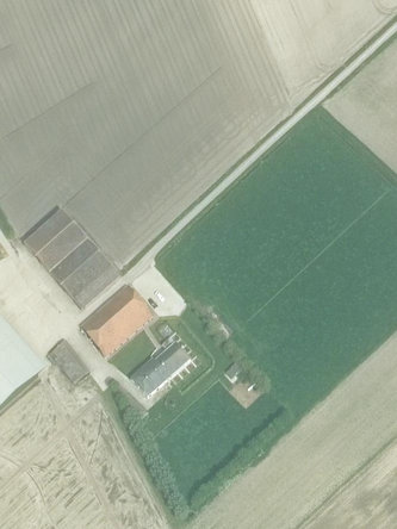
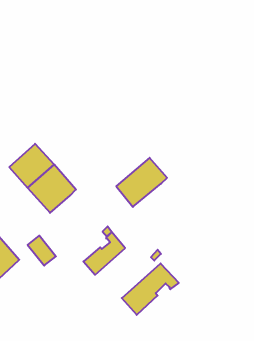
building: [80,282,153,353] -> [116,158,167,207]
building: none -> [122,263,179,315]

